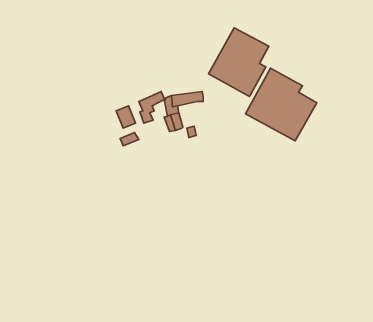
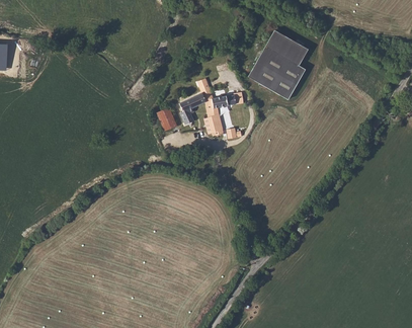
building: [245,68,317,141] -> none

